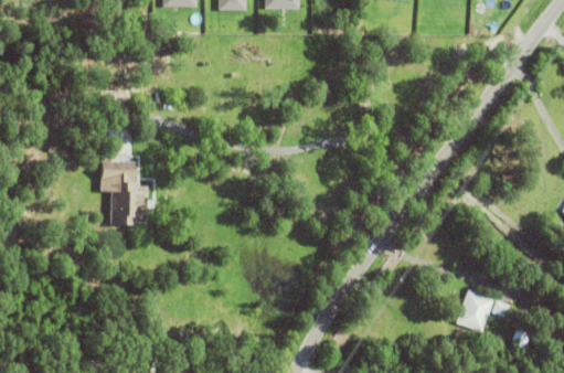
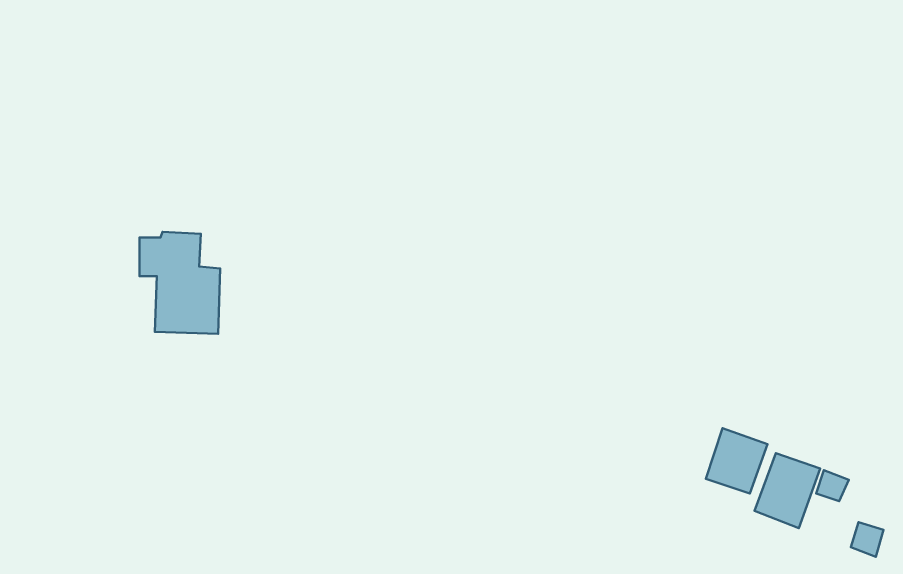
building: none -> [706,428,768,494]

